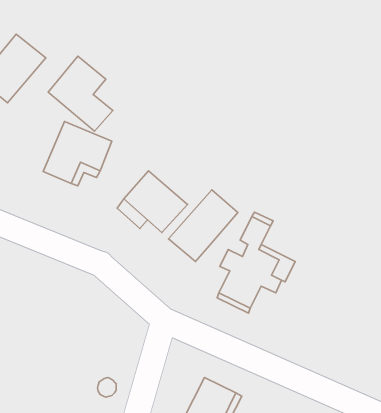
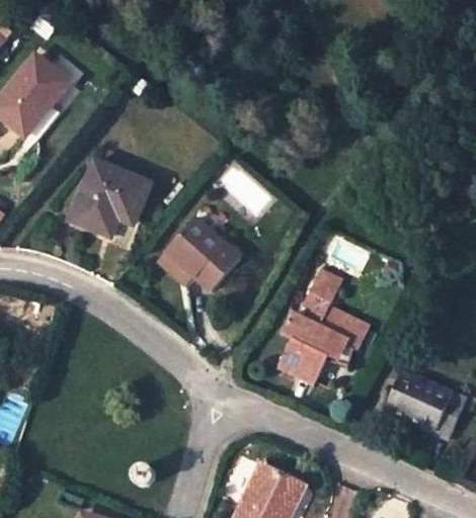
building: [48,56,113,131] -> none
building: [168,190,238,261] -> none
building: none -> [385,371,466,435]

